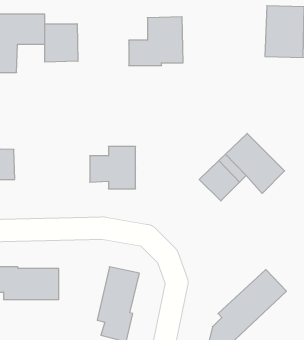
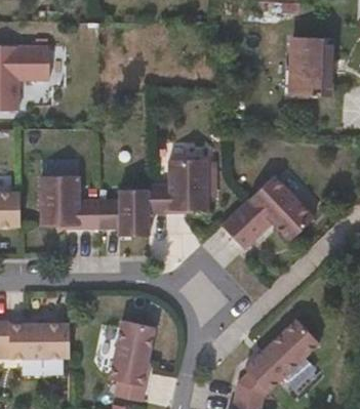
building: [129,17,183,66] -> [150,161,209,214]
building: [45,24,78,62] -> none
building: none -> [40,176,99,230]

